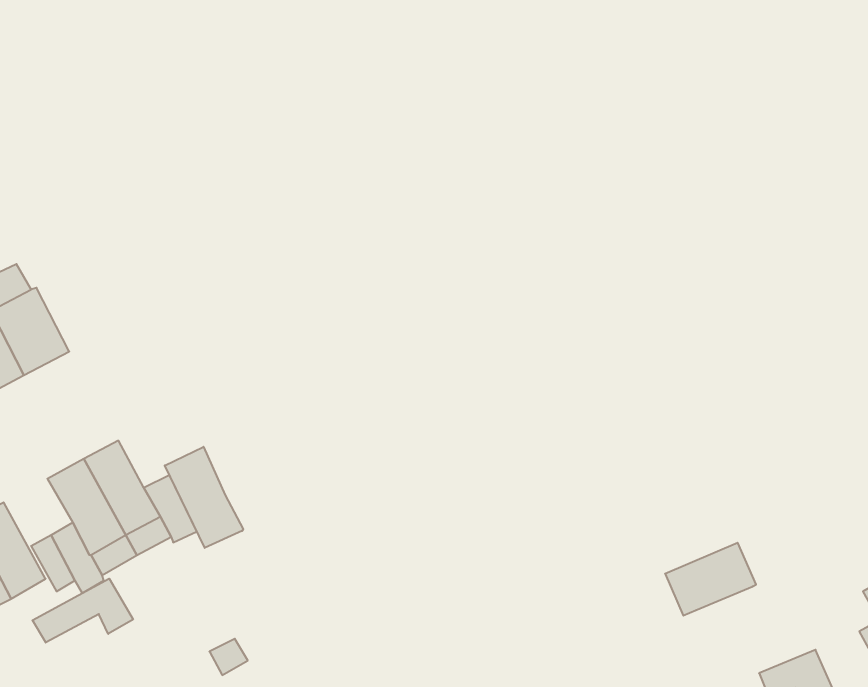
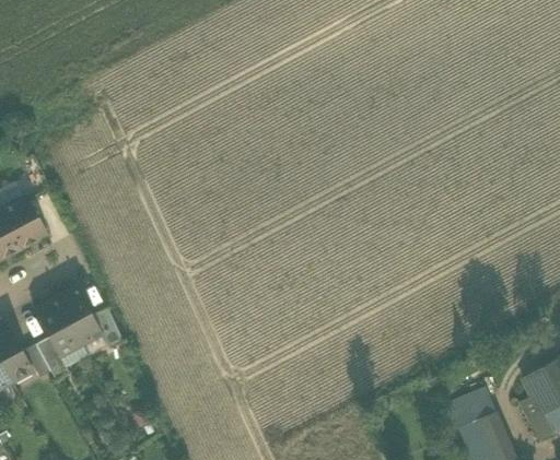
building: [165,447,243,548] -> none
building: [665,543,756,616] -> [442,388,497,432]
building: [32,579,133,643] -> none

